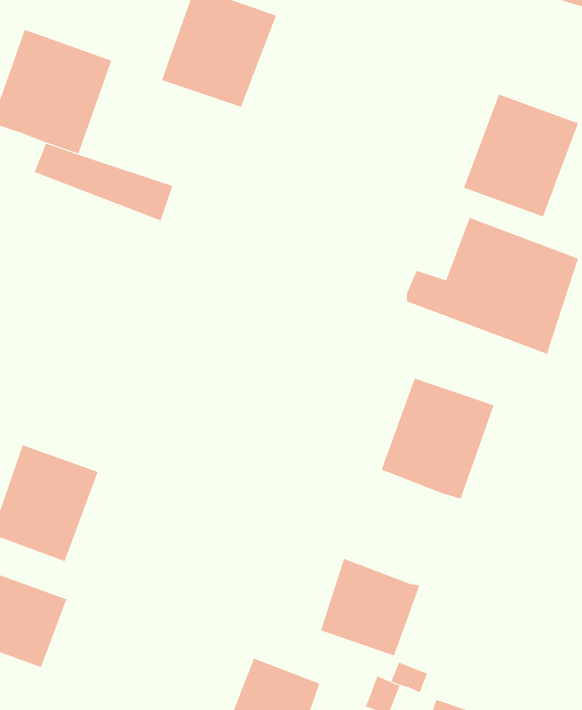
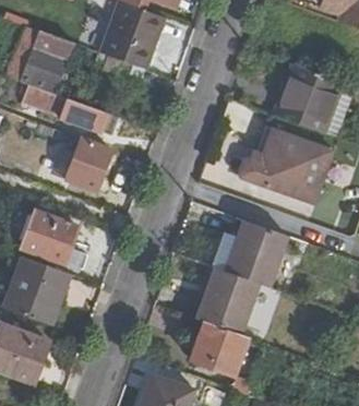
building: none -> [68,140,111,190]
building: none -> [24,212,91,268]
building: none -> [195,267,258,334]

